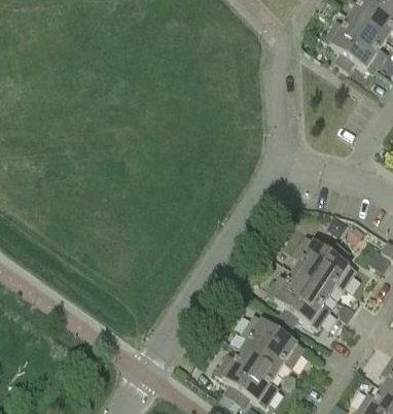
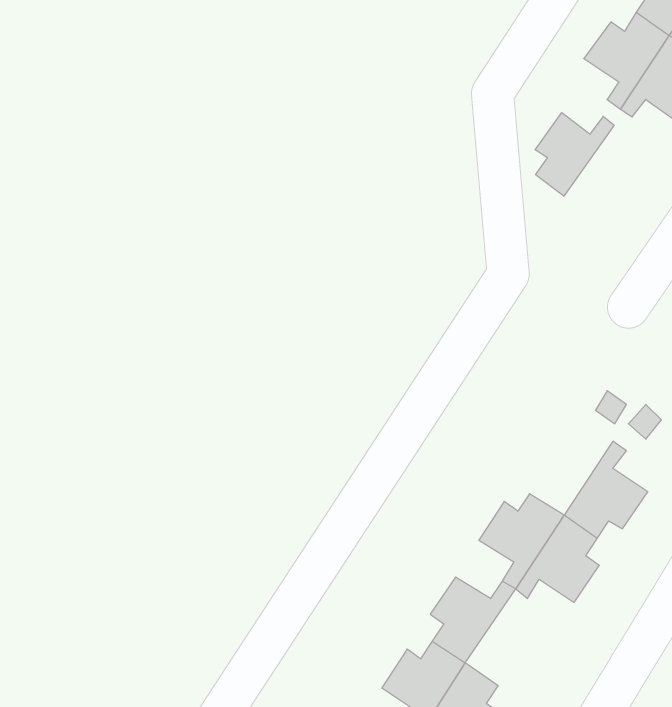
building: none -> [535,113,614,196]
building: [294,237,338,282] -> none
building: [260,321,305,373] -> none

